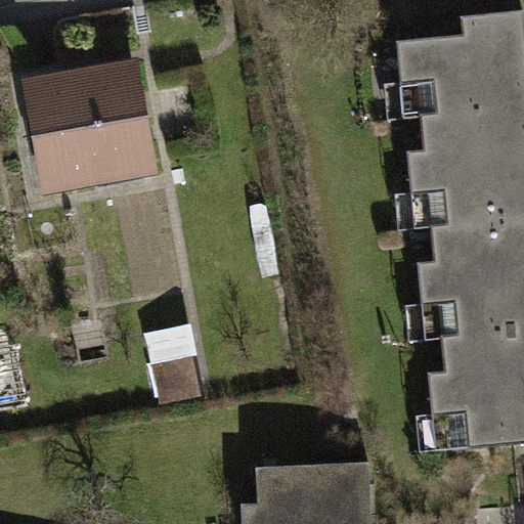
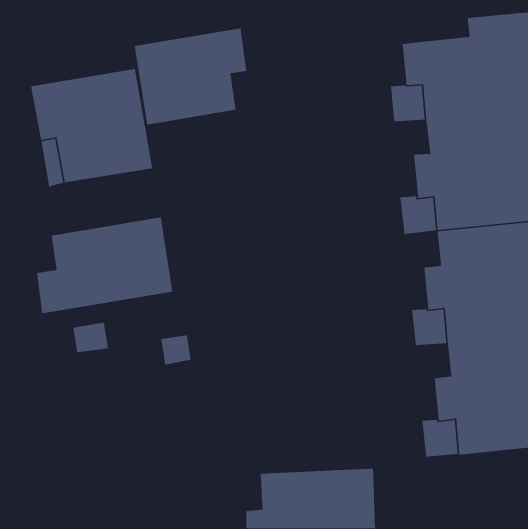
building: none -> [134,28,247,126]
building: none -> [36,216,173,314]

